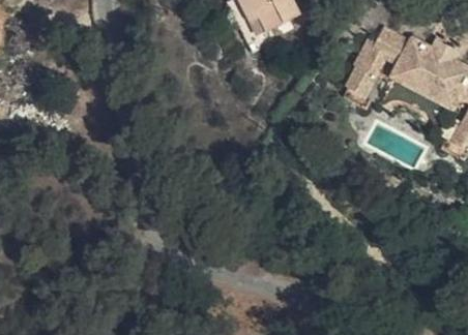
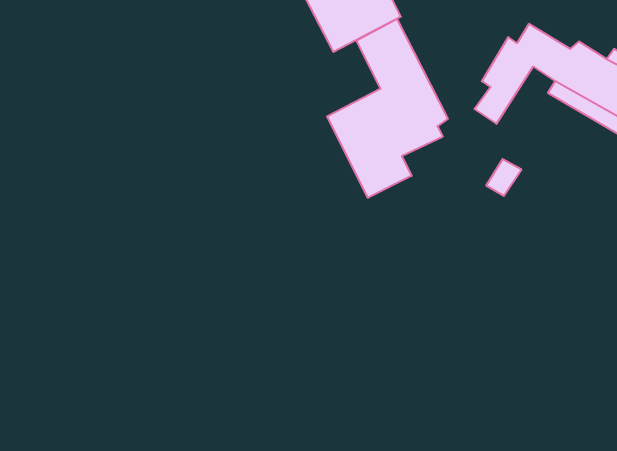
building: none -> [327,19,448,198]

